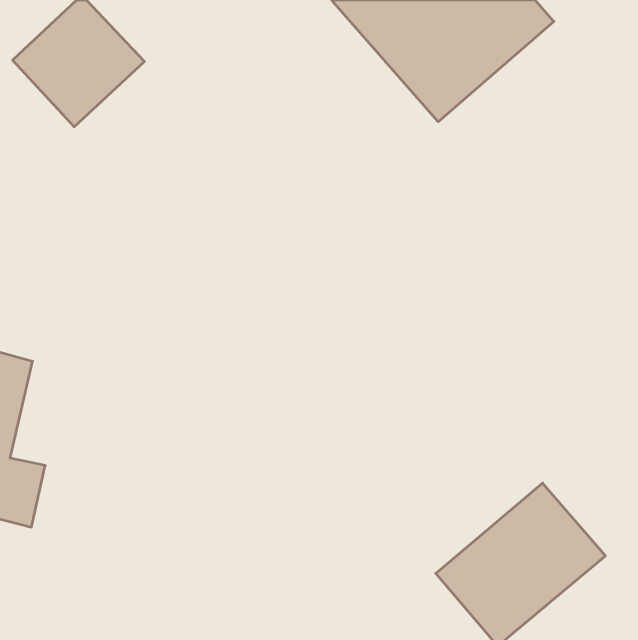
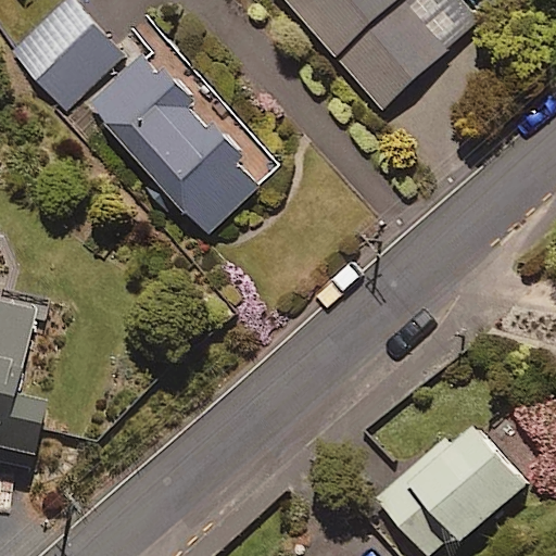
building: none -> [88,37,279,233]

